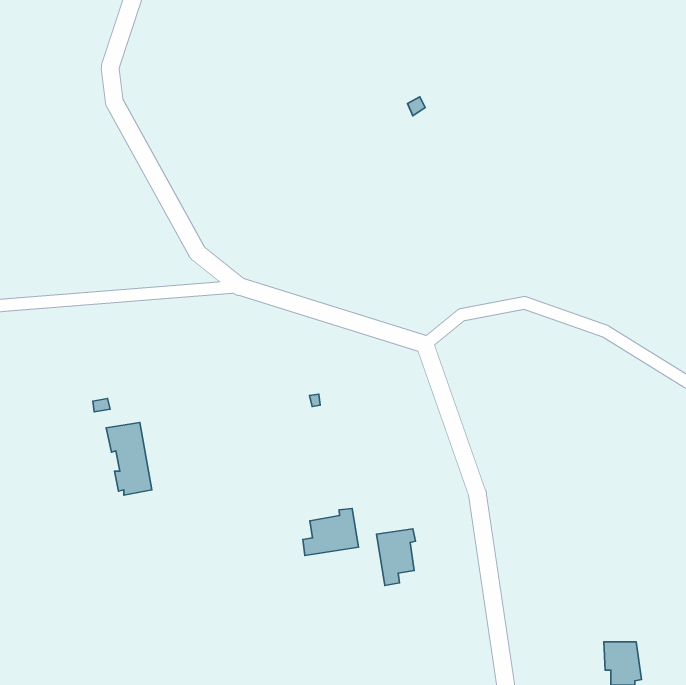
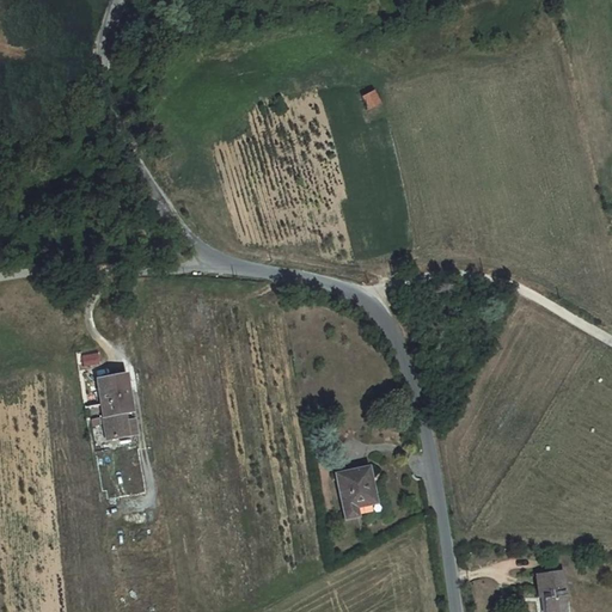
building: [303,508,359,556] -> none

